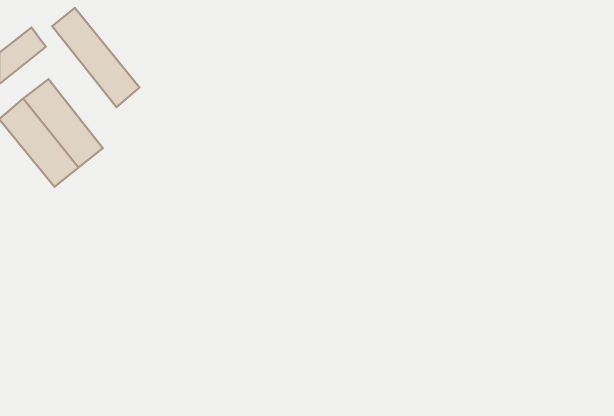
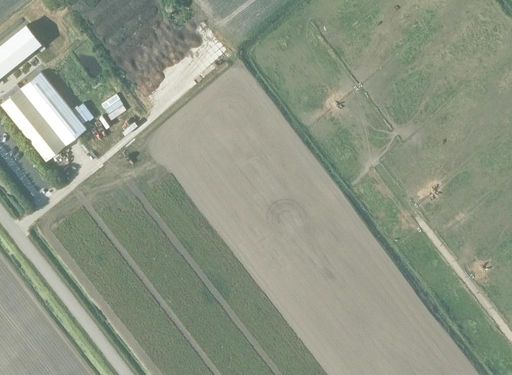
building: [52,8,139,107] -> none

